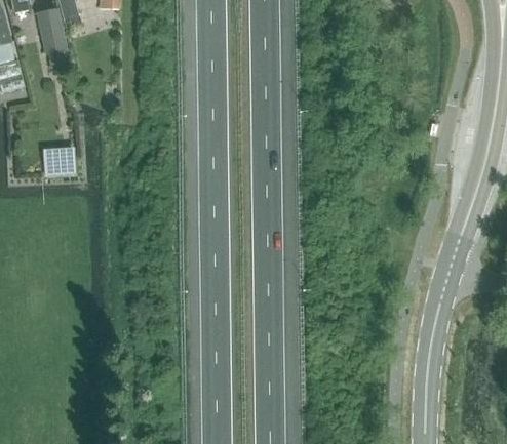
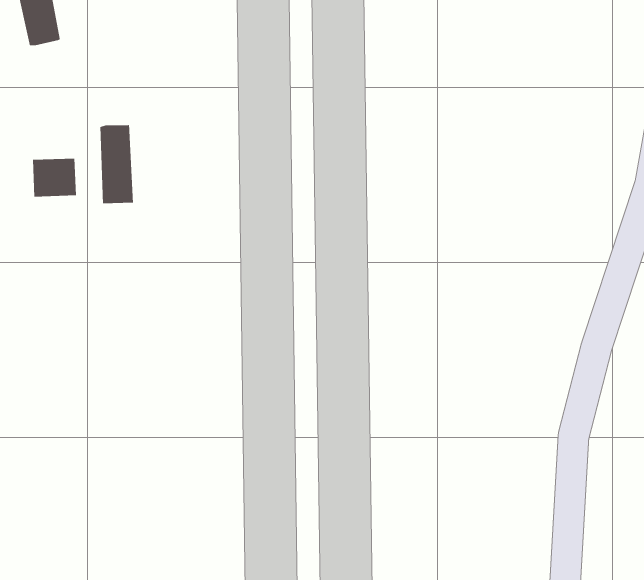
building: none -> [100,124,134,204]

